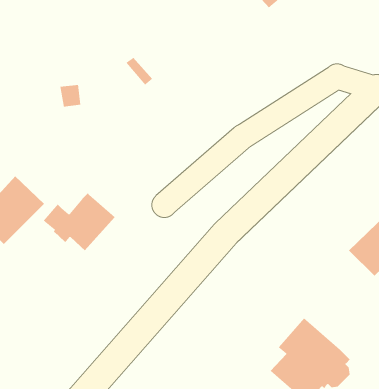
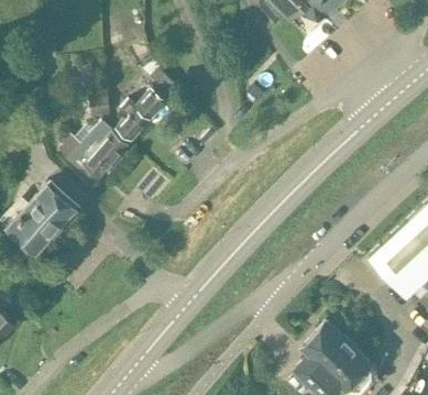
building: none -> [116,89,167,142]
building: [43,192,116,251] -> [57,123,128,180]

